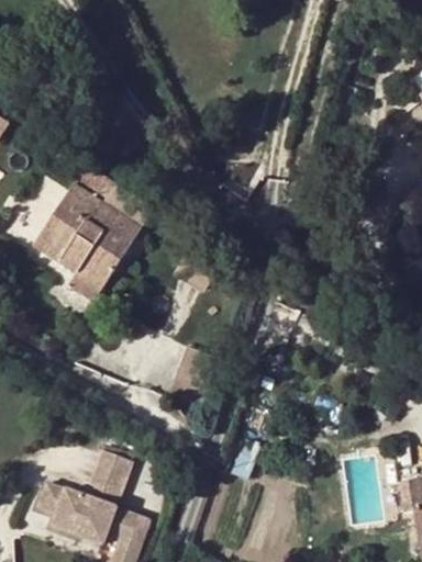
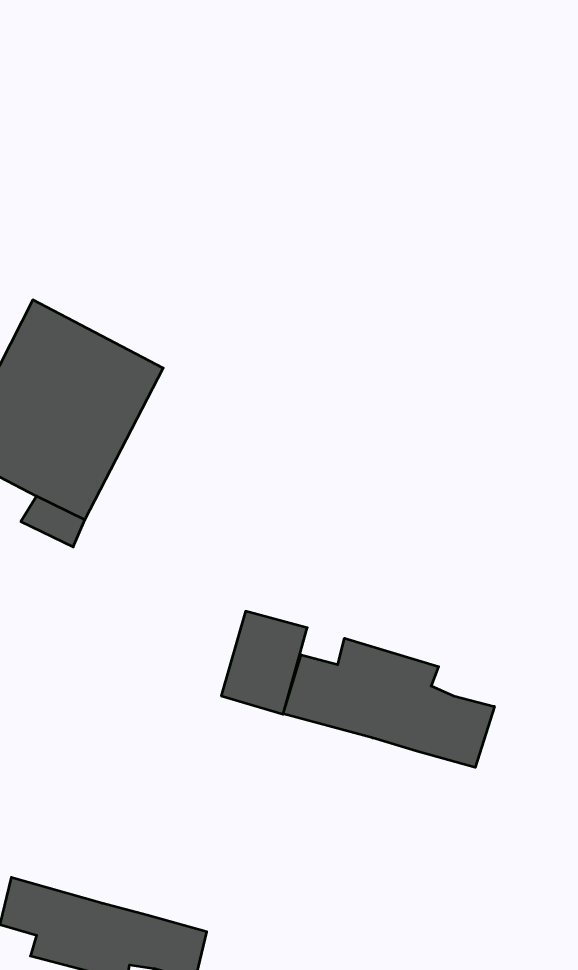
building: none -> [283,638,494,767]
building: [87,449,133,508] -> none

